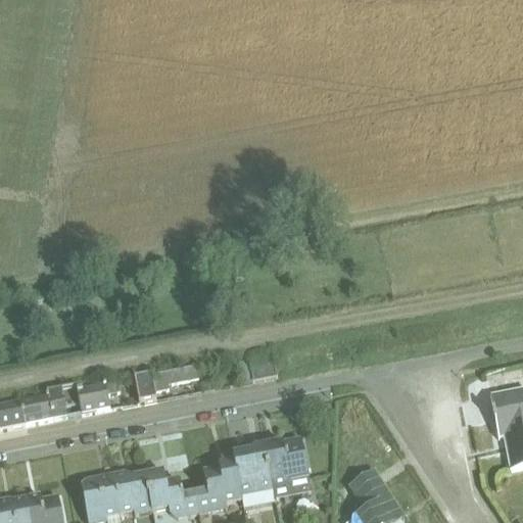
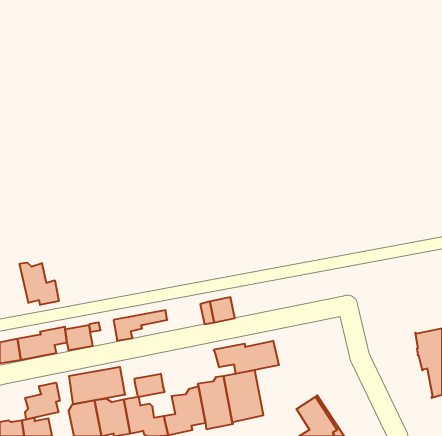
building: none -> [20,263,59,305]
building: none -> [214,341,279,374]
building: none -> [69,367,125,404]
building: none -> [135,374,164,397]
building: none -> [25,383,60,419]

